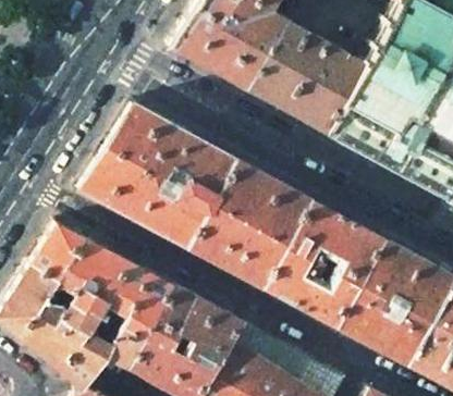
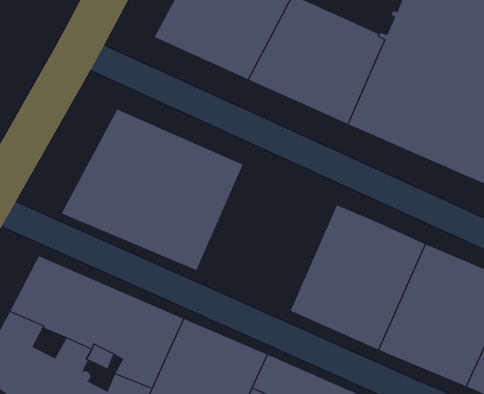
building: [191,163,313,289] -> none

